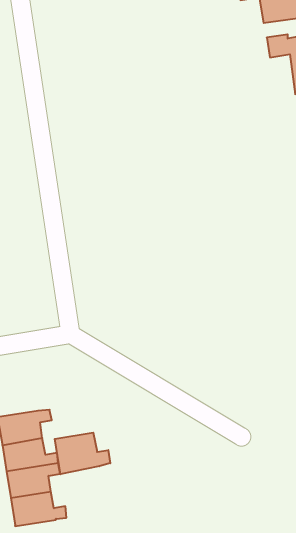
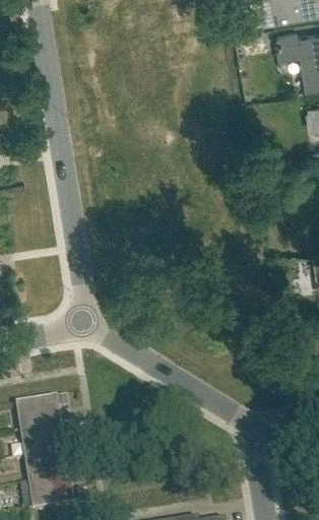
building: [55,433,110,474] -> none

